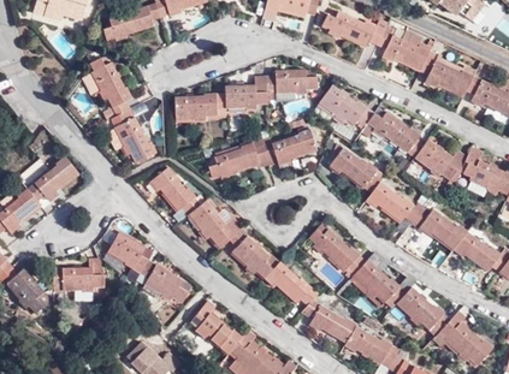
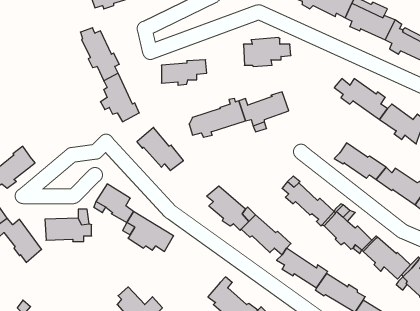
building: [226,77,268,111] -> none
building: [320,87,374,127] -> none
building: [330,147,380,195] -> none
building: [28,155,77,200] -> none
building: [188,198,241,248] -> none
building: [189,301,242,354] -> none

